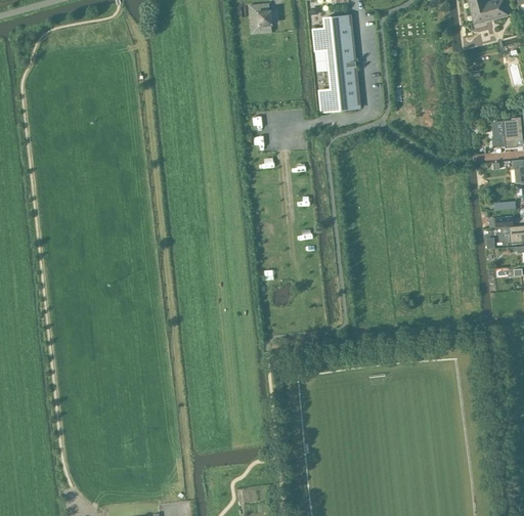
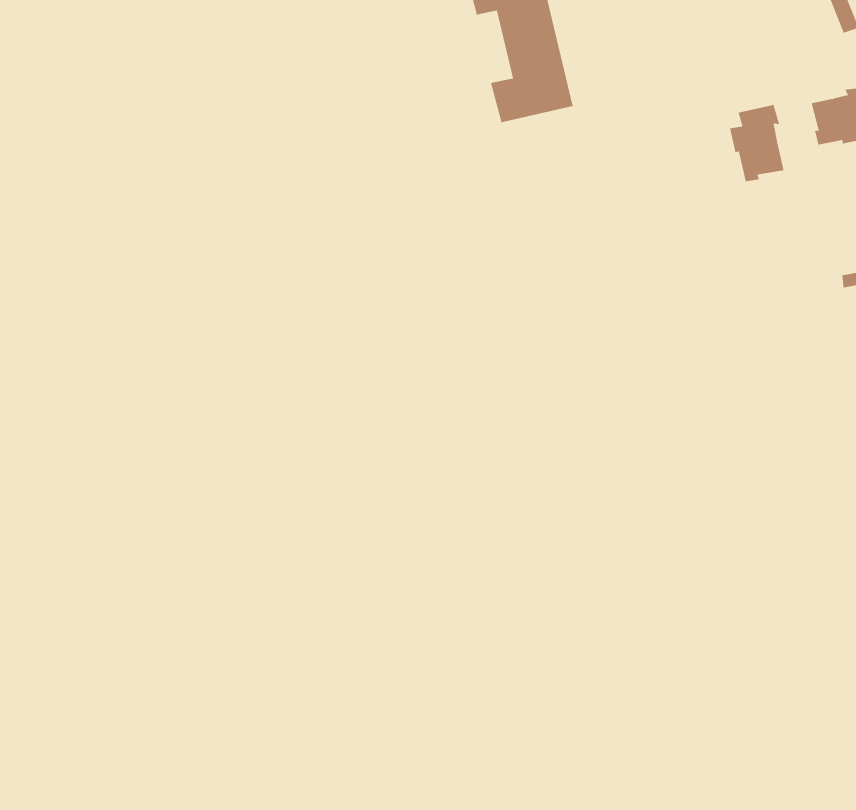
building: none -> [730,104,784,182]

